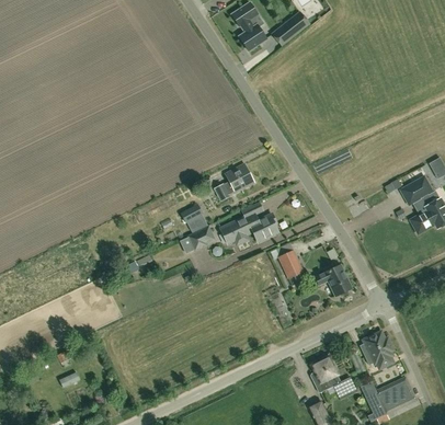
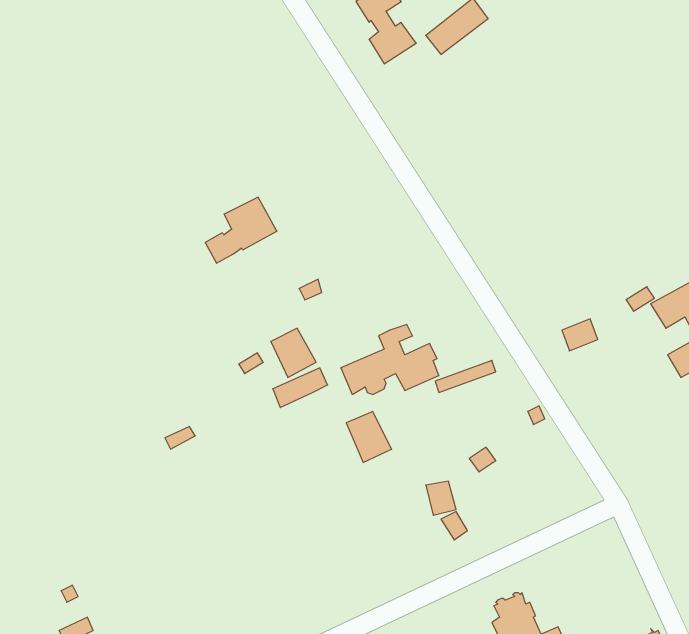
building: [214,162,255,200] -> [205,197,277,263]
building: [278,250,305,279] -> [346,411,392,462]
building: [313,263,353,297] -> none
building: [360,331,392,368] -> none

